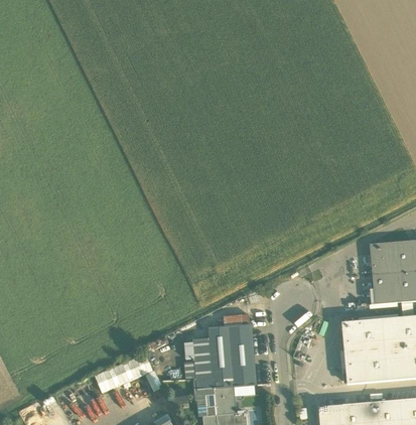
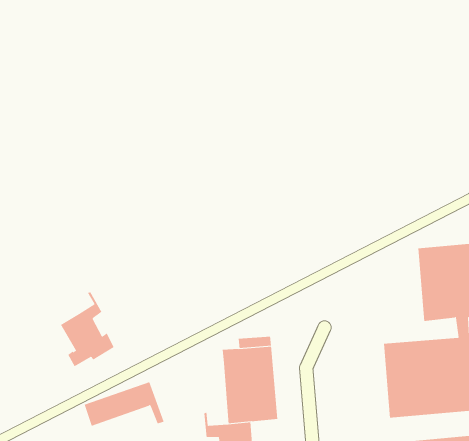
building: none -> [60,291,114,367]
building: [192,338,214,390] -> none

